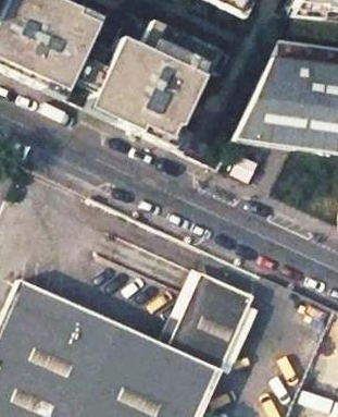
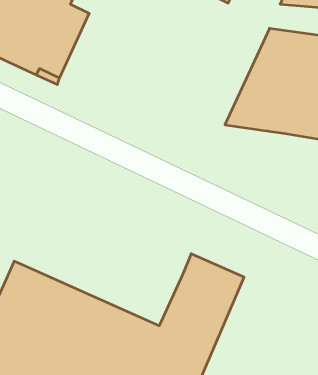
building: [89,22,221,150] -> none

